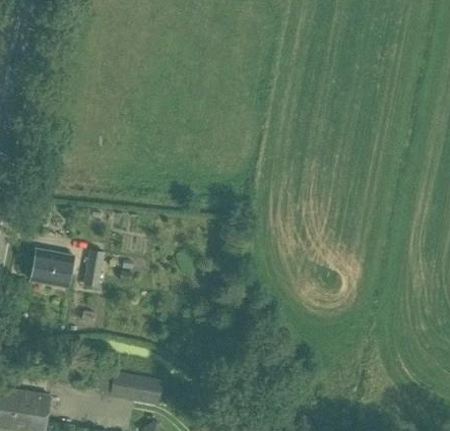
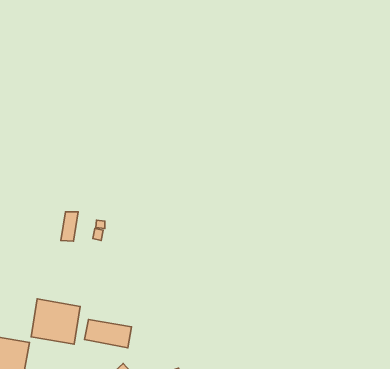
building: [31,249,74,289] -> none
building: none -> [31,299,80,344]

